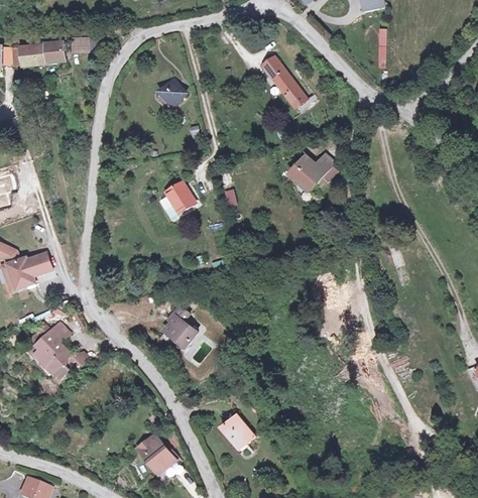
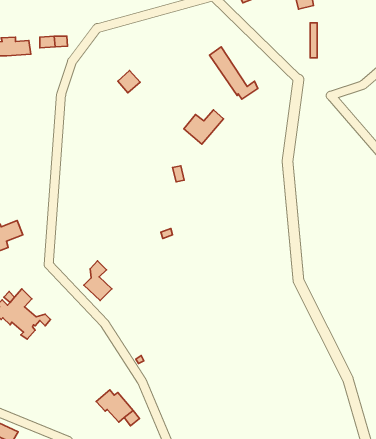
building: [292,154,337,193] -> [184,110,223,144]
building: [166,181,195,213] -> none
building: [163,305,195,350] -> [84,261,112,300]
building: [222,413,255,449] -> none

